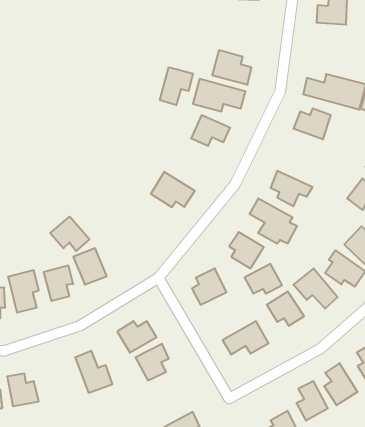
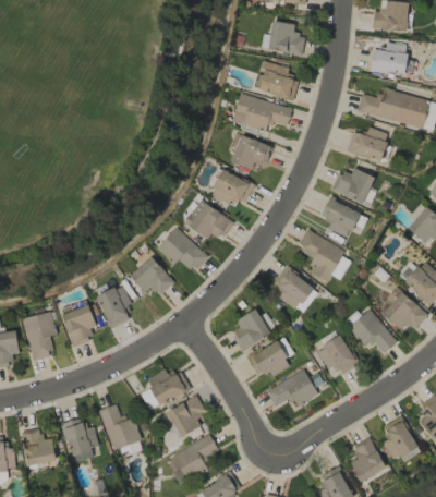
building: none -> [269,22,304,54]
building: none -> [371,43,408,75]
building: [160,67,193,105] -> none
building: none -> [331,169,374,203]
building: none -> [211,171,254,208]
building: none -> [156,228,207,272]
building: [50,217,89,251] -> [130,257,174,296]
building: [245,264,282,294] -> [247,342,290,376]
building: none -> [62,417,99,463]
building: none -> [173,436,218,480]

